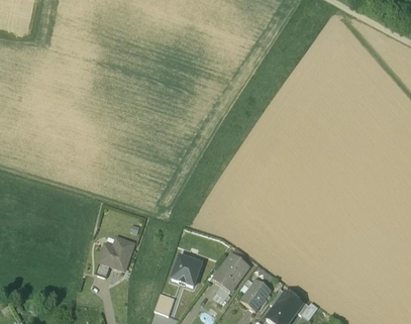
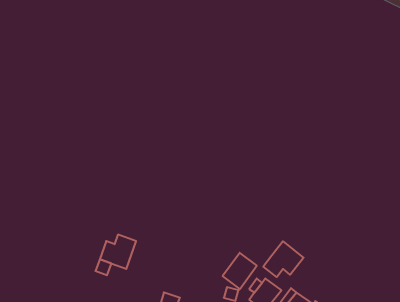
building: none -> [263,241,304,277]
building: [171,256,200,286] -> none

